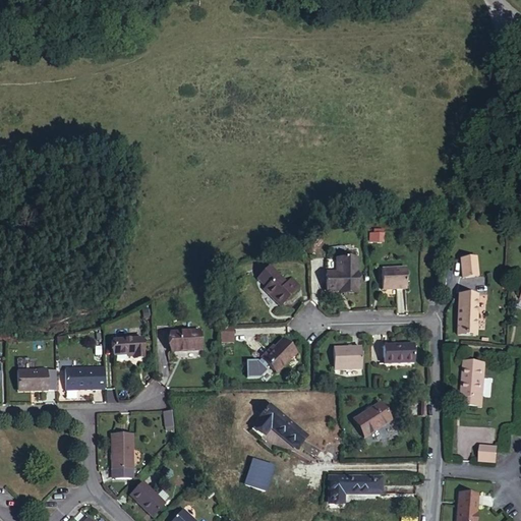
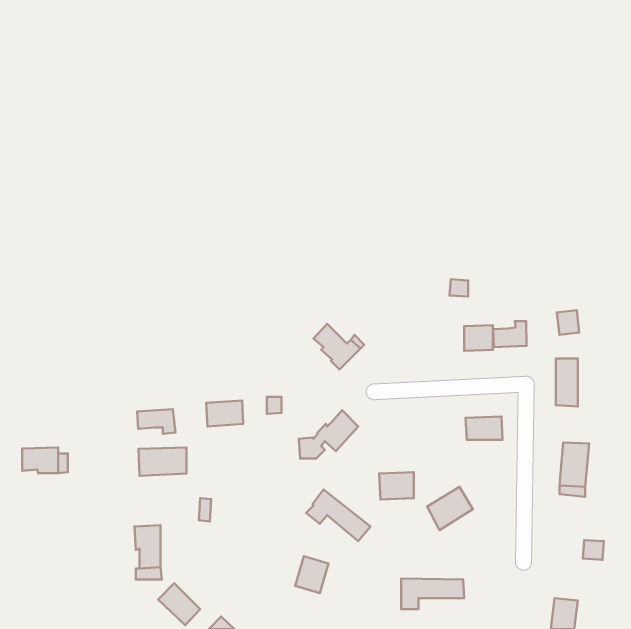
building: [327,257,357,291] -> none
building: none -> [493,321,527,347]
building: [333,346,361,368] -> [379,472,414,499]
building: [65,365,105,389] -> [138,448,187,476]

